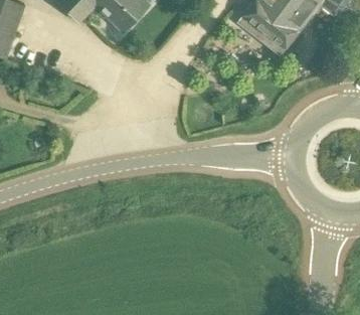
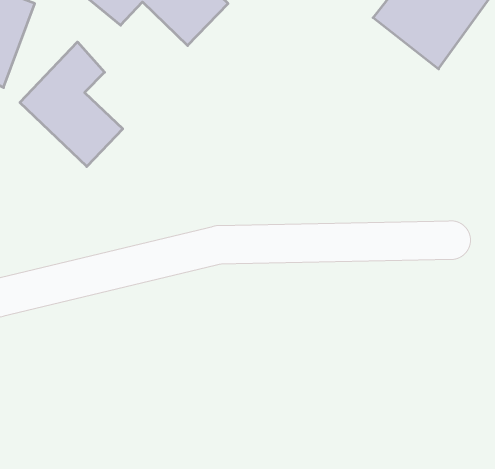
building: none -> [20,42,123,167]

